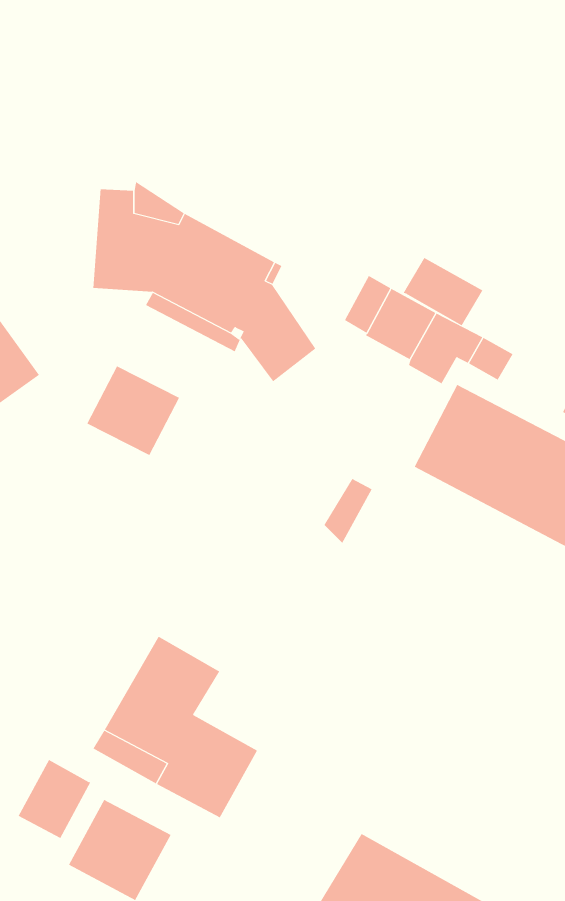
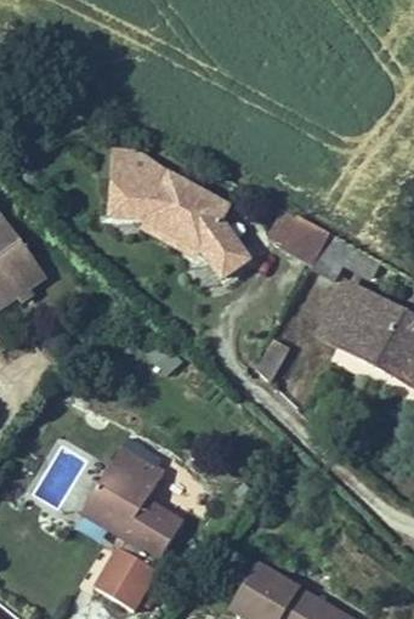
building: [403,257,483,326] -> none
building: [87,366,180,456] -> none
building: [18,759,91,839] -> none

